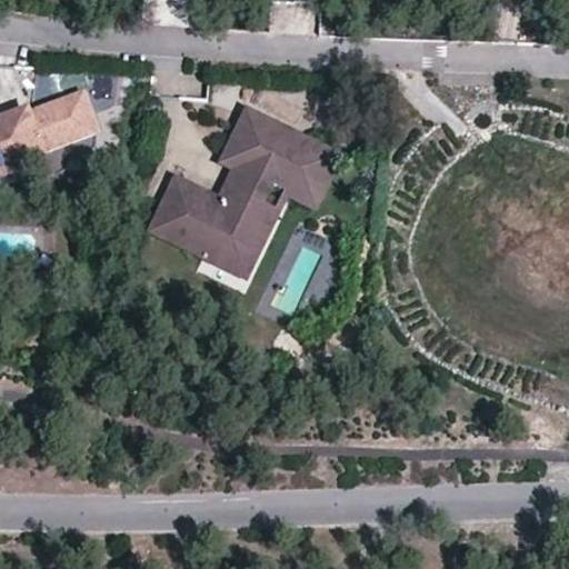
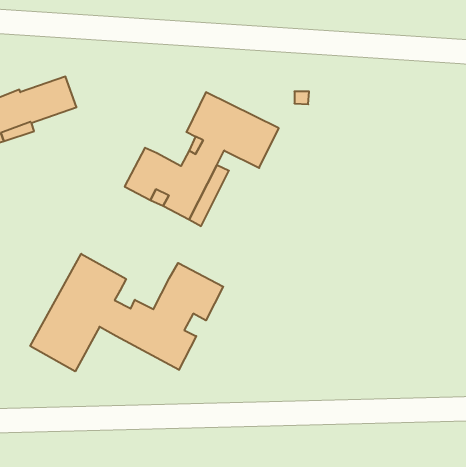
building: none -> [30,254,223,371]

